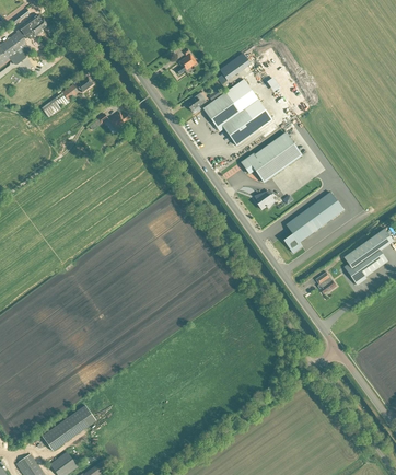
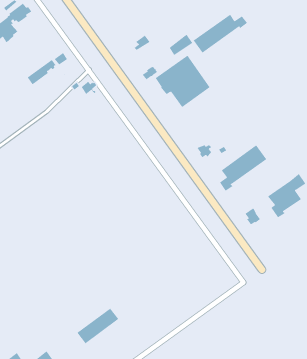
building: none -> [193,14,248,53]
building: [241,132,301,182] -> none
building: [43,405,96,451] -> [76,308,119,344]

